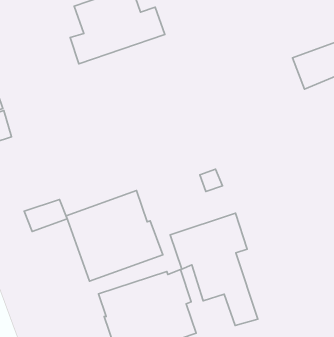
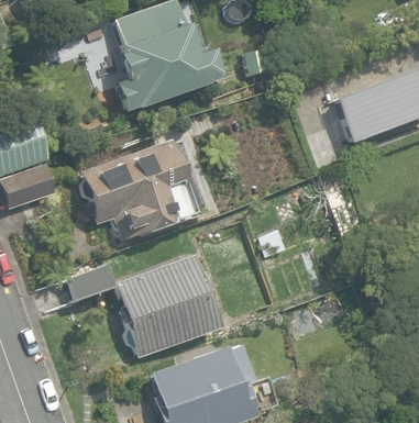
building: none -> [79,141,208,241]
building: [170,213,258,326] -> none

